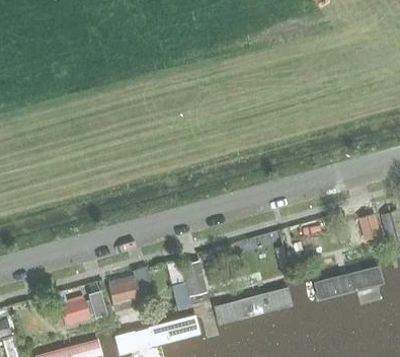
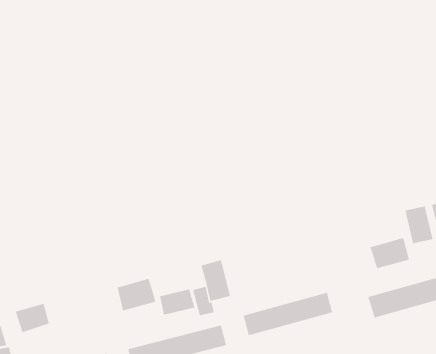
building: none -> [369,237,410,269]
building: none -> [159,288,195,316]
building: [59,297,89,324] -> [15,303,50,333]

